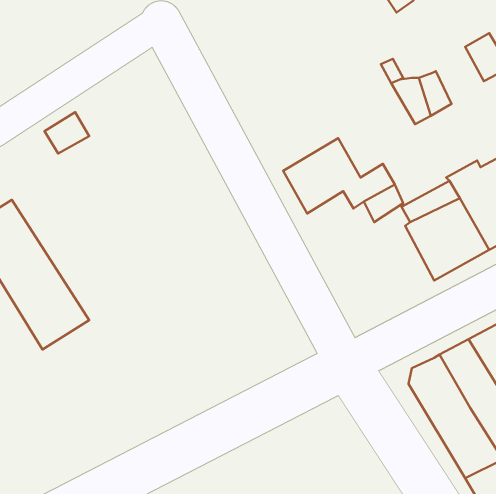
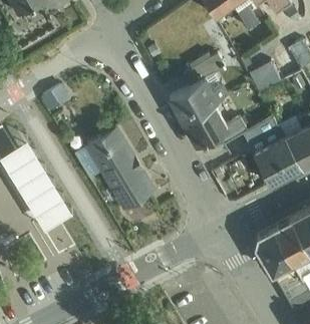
building: none -> [170,54,229,122]
building: none -> [75,129,153,208]

